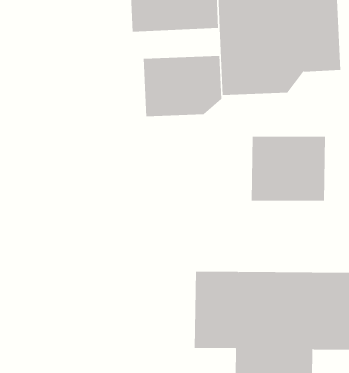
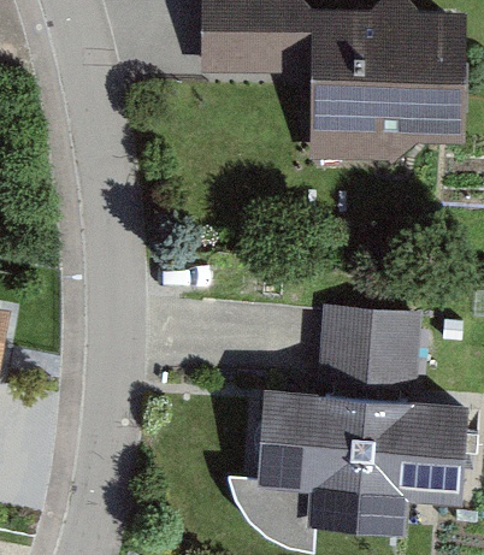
building: [143,55,222,117] -> none
building: [251,136,326,201] -> [317,305,418,394]

